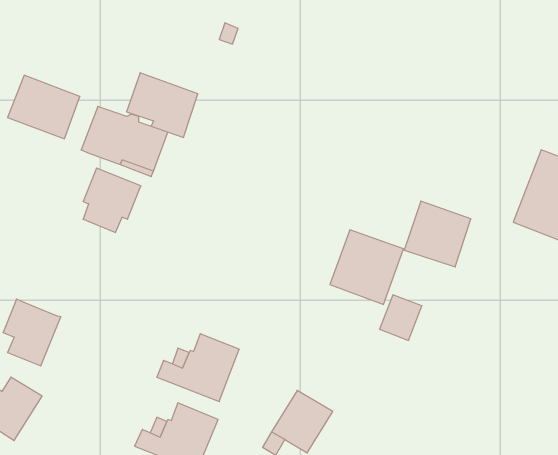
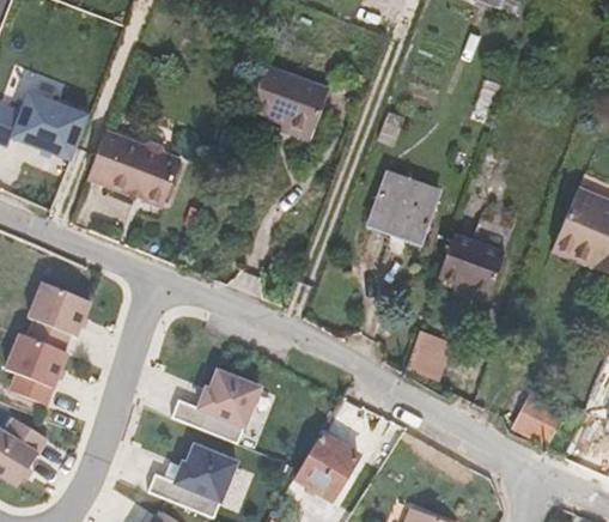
building: [127,73,198,137] -> [251,68,328,138]
building: [83,168,141,233] -> [28,283,90,352]
building: [330,230,403,304] -> [366,166,445,247]
building: none -> [513,395,564,444]

